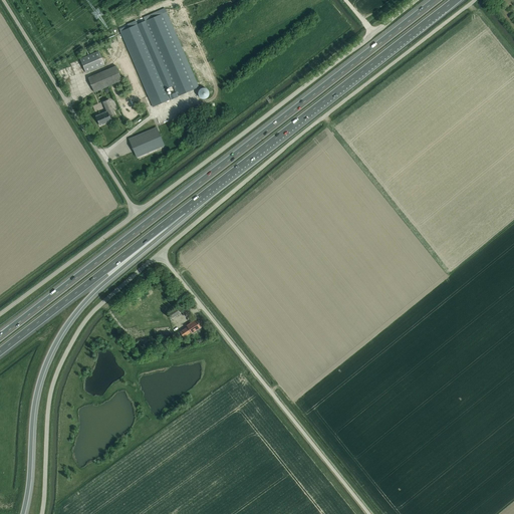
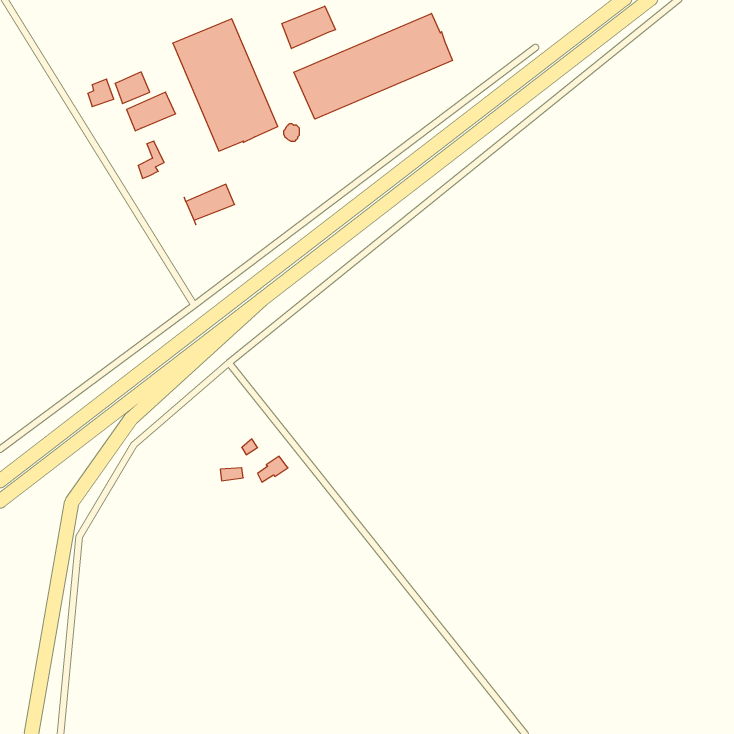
building: none -> [282,6,336,49]
building: none -> [294,13,452,119]

